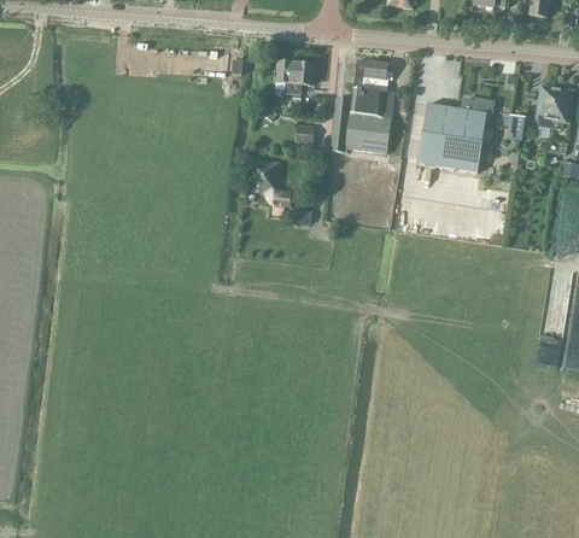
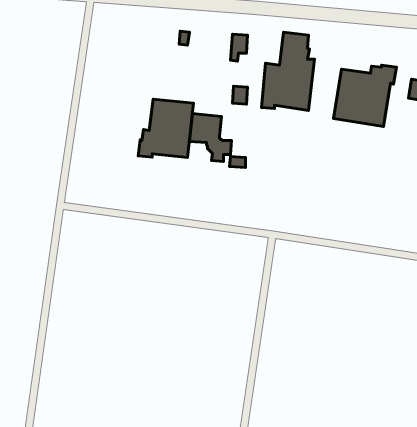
building: [276,60,297,93] -> none
building: none -> [138,99,193,158]

